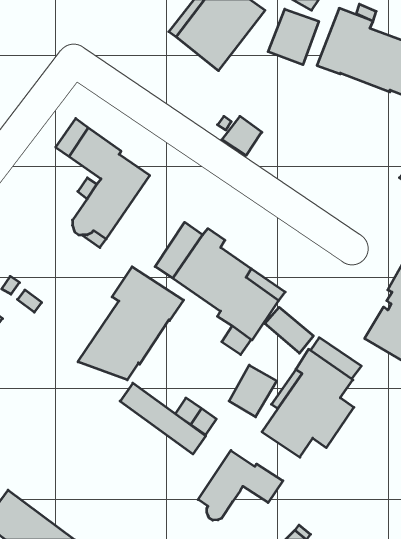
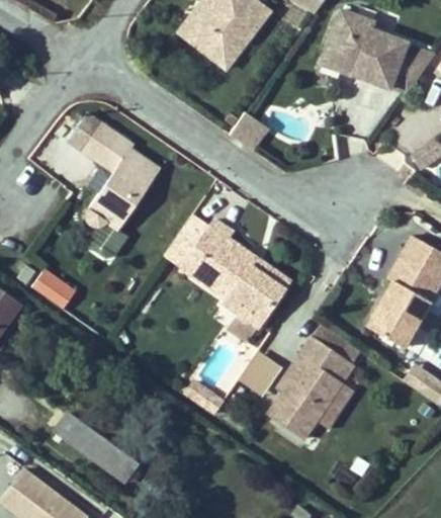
building: [268,9,319,65] -> none
building: [78,267,184,380] -> none
building: [265,307,313,353] -> none
building: [120,383,206,454] -> [56,413,138,481]
building: [198,450,283,520] -> none

